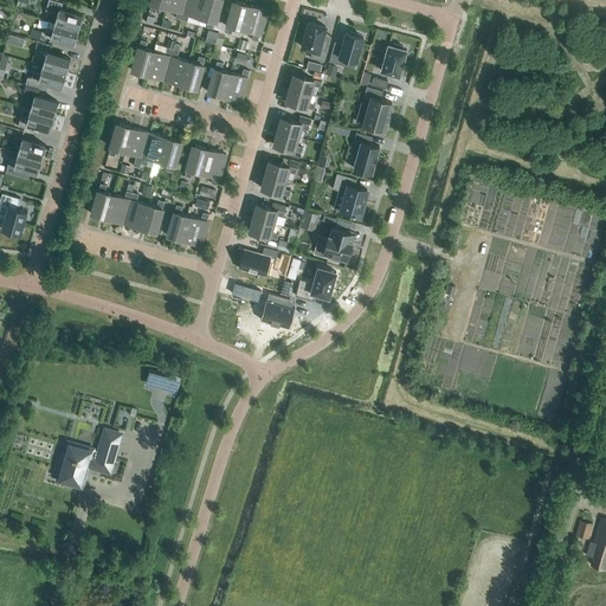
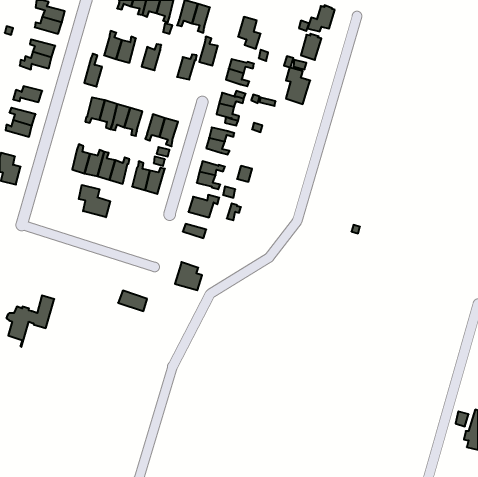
building: [328,33,362,66] -> [308,5,335,31]
building: [163,45,186,86] -> [84,54,102,87]
building: [207,63,231,99] -> [199,37,218,66]
building: [21,86,57,117] -> none
building: [350,134,379,175] -> none
building: [331,175,368,219] -> none
building: [312,228,352,262] -> none
building: none -> [79,185,110,217]
building: [294,269,335,302] -> none
building: [259,294,294,329] -> [175,262,202,290]
building: [59,432,120,497] -> [6,295,54,347]

